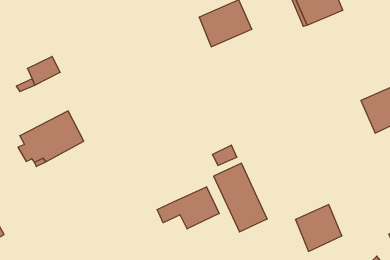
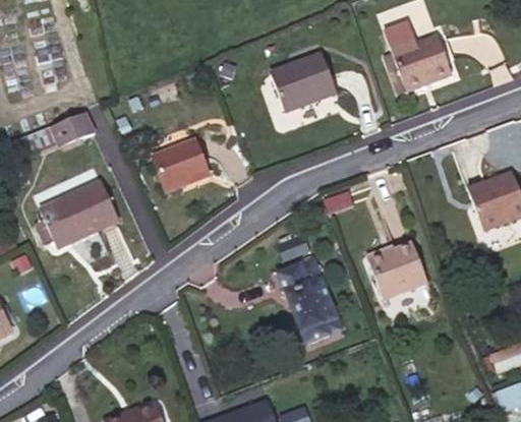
building: none -> [153,138,209,190]
building: [157,187,219,229] -> none
building: [295,205,342,251] -> [368,242,425,299]

